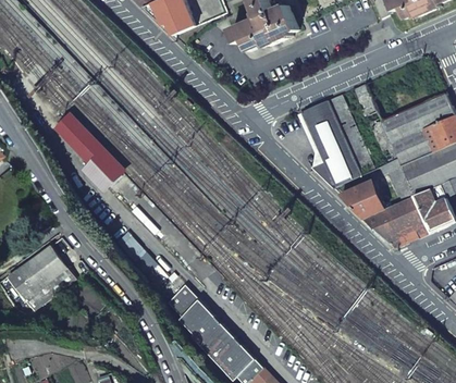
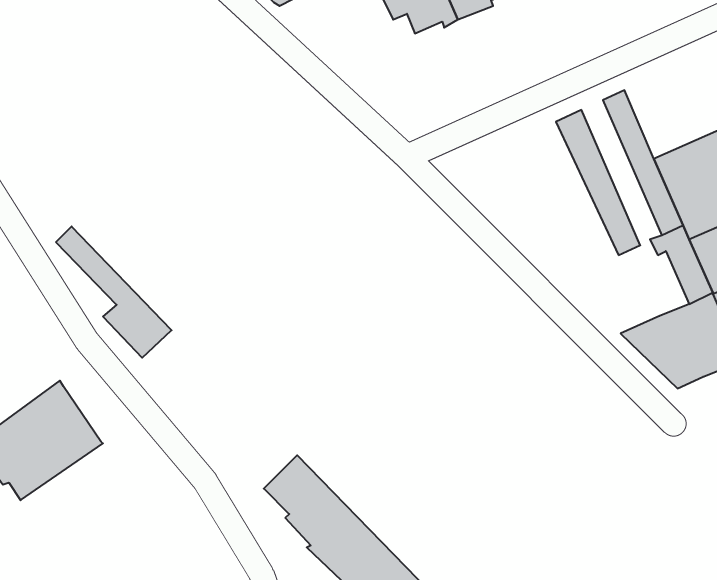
building: [300,99,361,186] -> none
building: [58,114,122,187] -> [56,226,172,358]
building: [338,180,384,217] -> none

